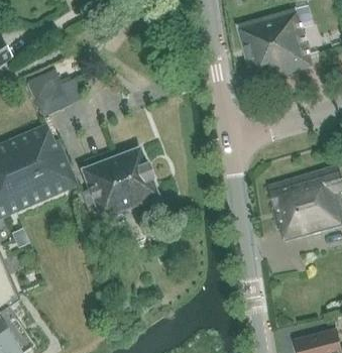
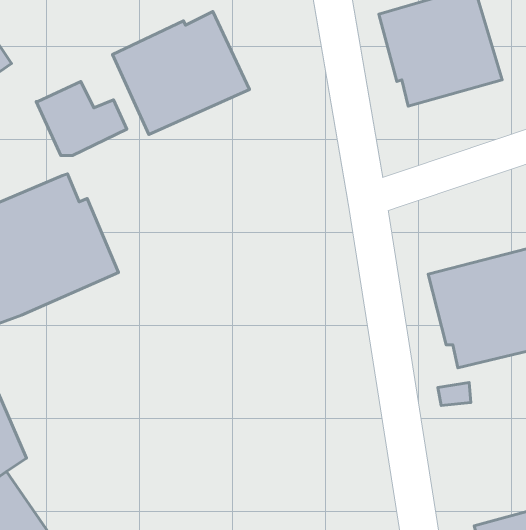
building: none -> [113,12,250,135]
building: [80,145,158,218] -> none

